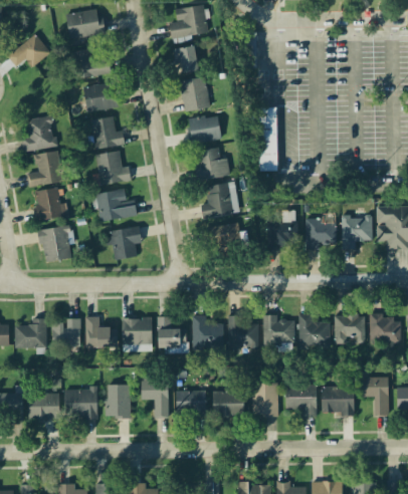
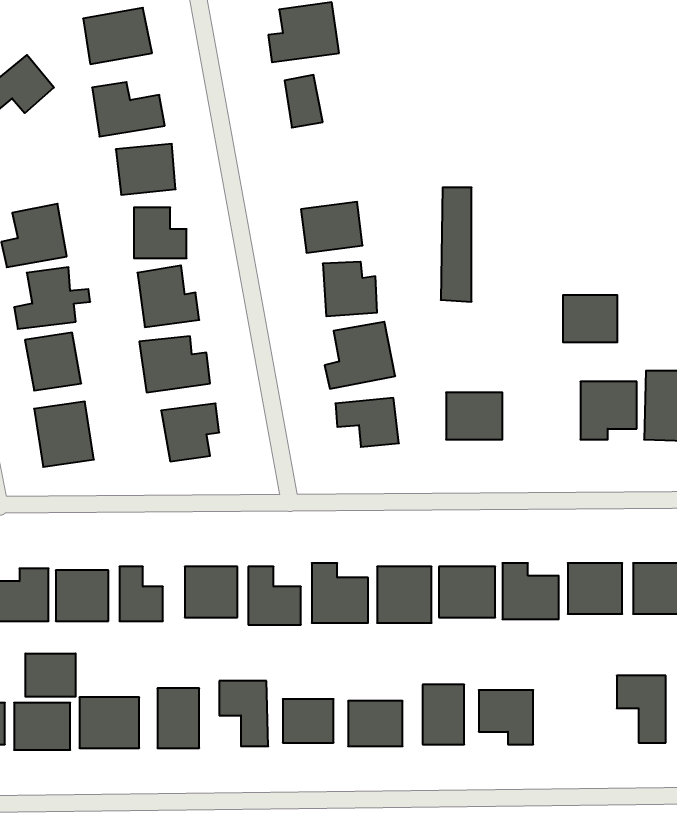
building: [180,77,210,112] -> none
building: [307,220,337,246] -> [563,295,617,342]
building: none -> [25,653,76,697]
building: [323,388,354,415] -> none

